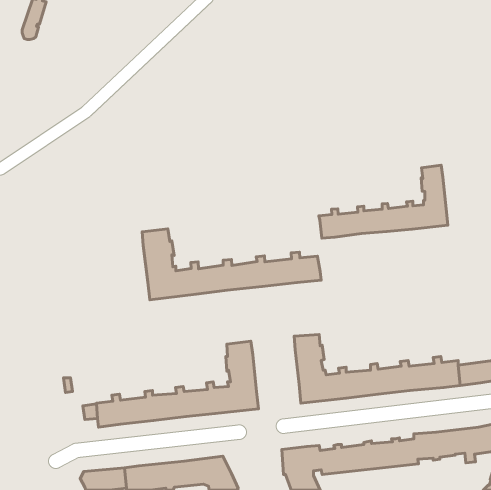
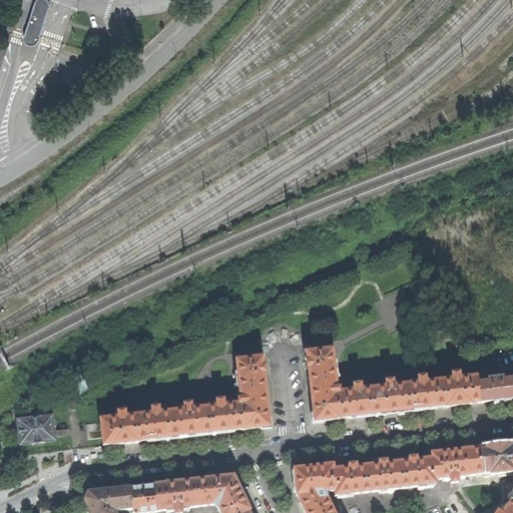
building: [319,165,448,238] -> none
building: [142,229,321,300] -> none
building: none -> [19,413,70,442]

